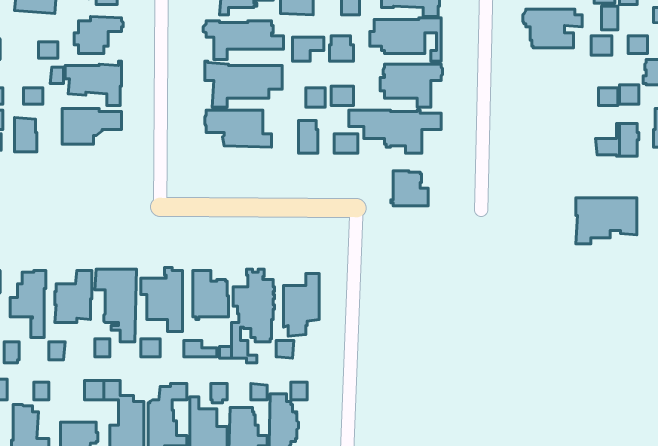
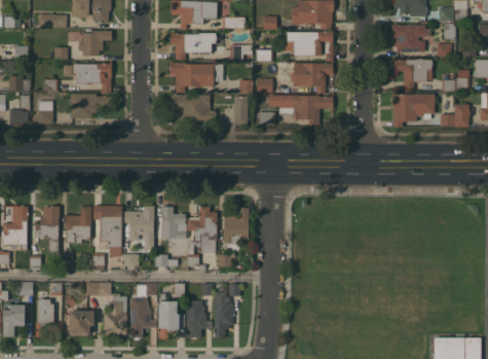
building: none -> [392,59,433,89]
building: [391,171,428,206] -> none
building: [576,198,637,244] -> [392,94,435,125]

